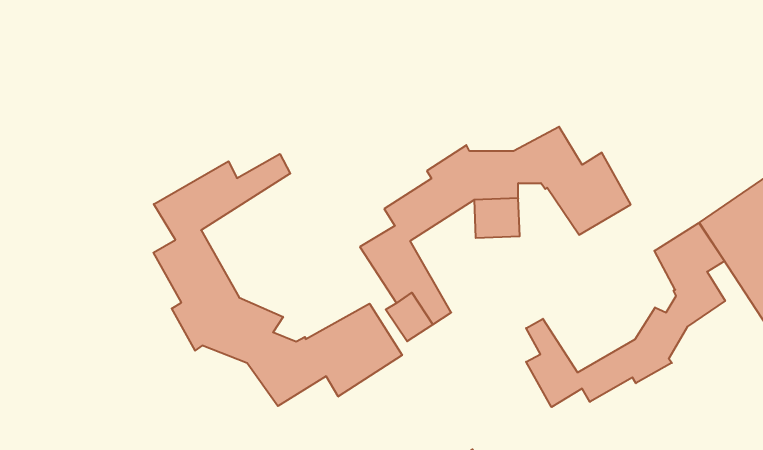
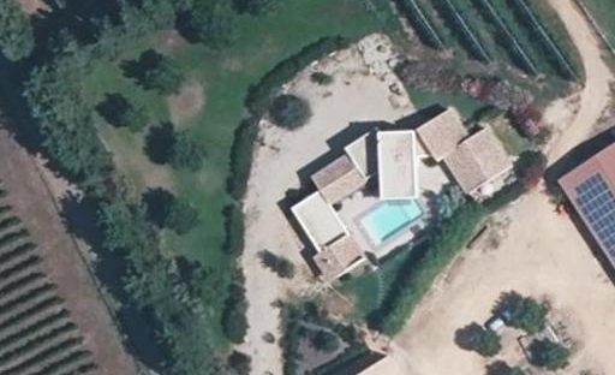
building: [153,154,402,406] -> none
building: [526,223,725,407] -> none

